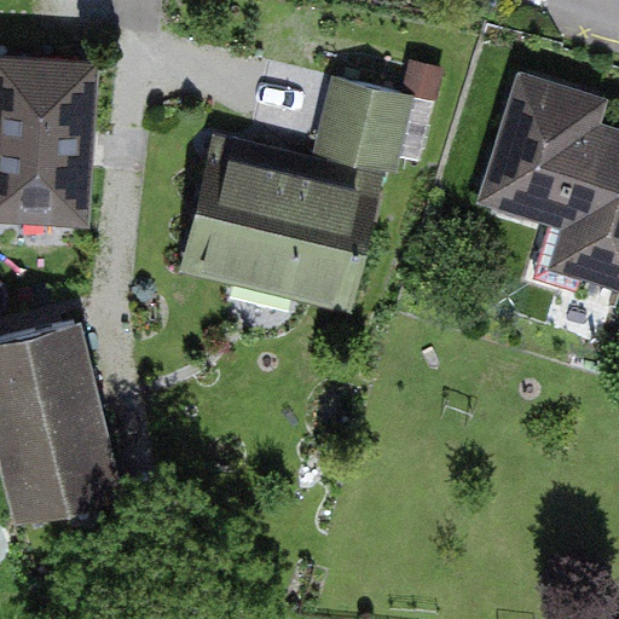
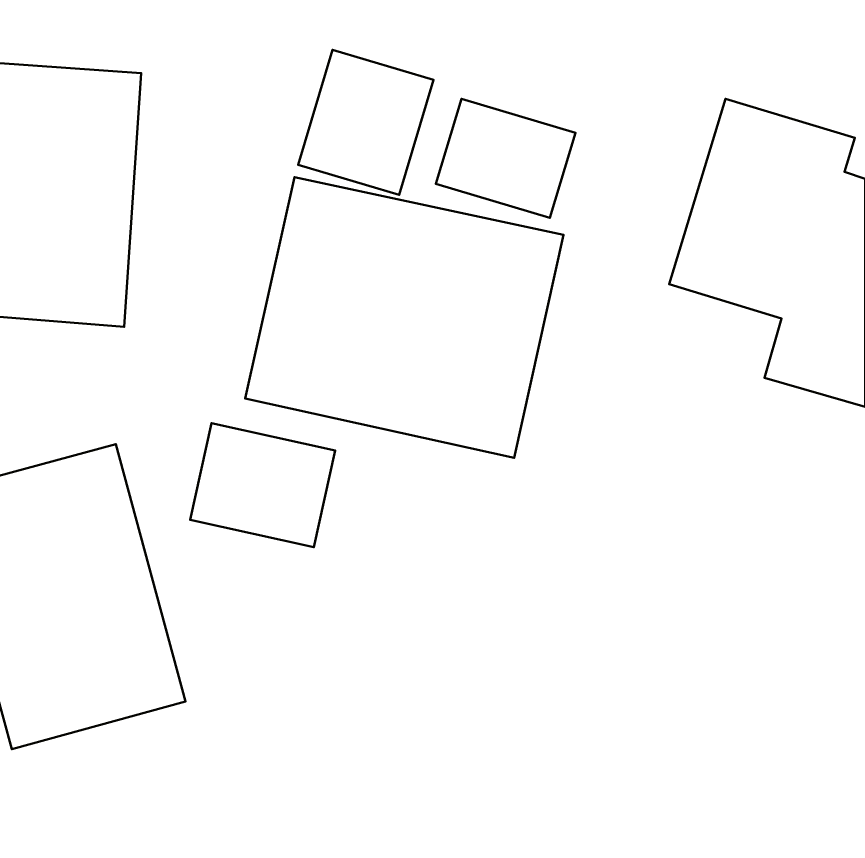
building: none -> [298,50,433,195]
building: none -> [190,423,335,547]

